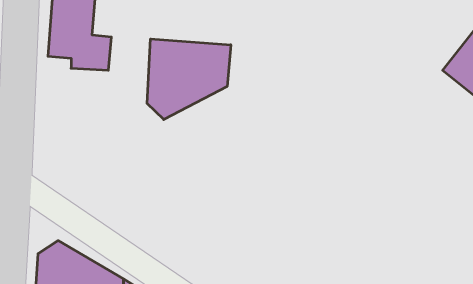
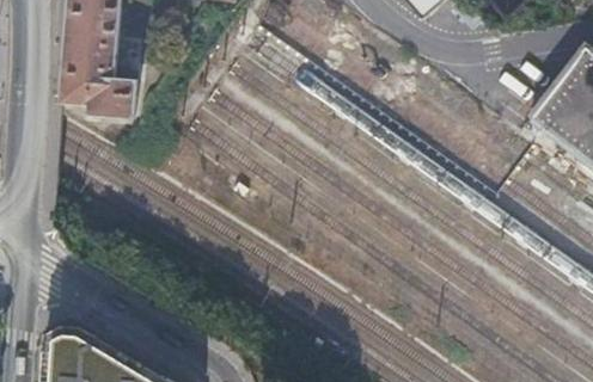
building: [147,39,231,120] -> none

